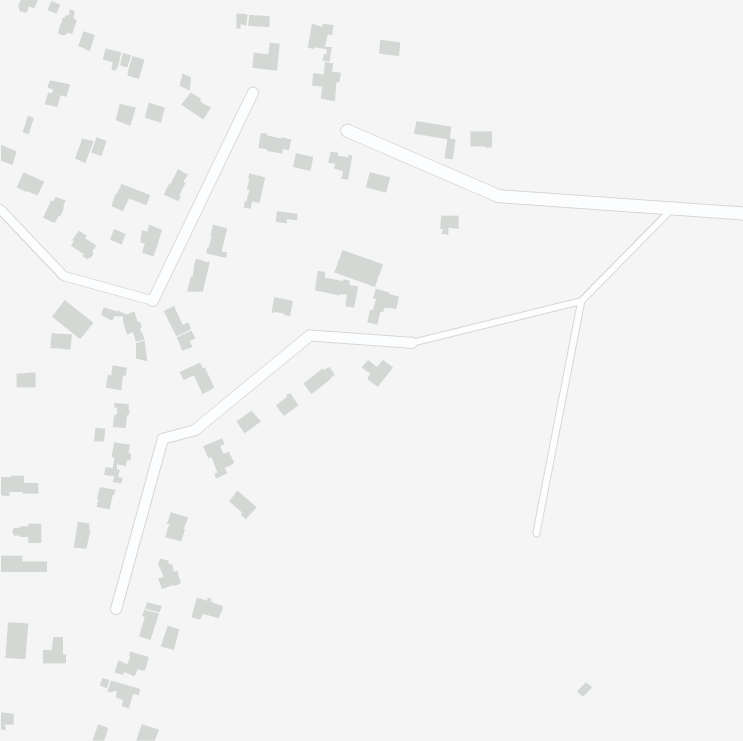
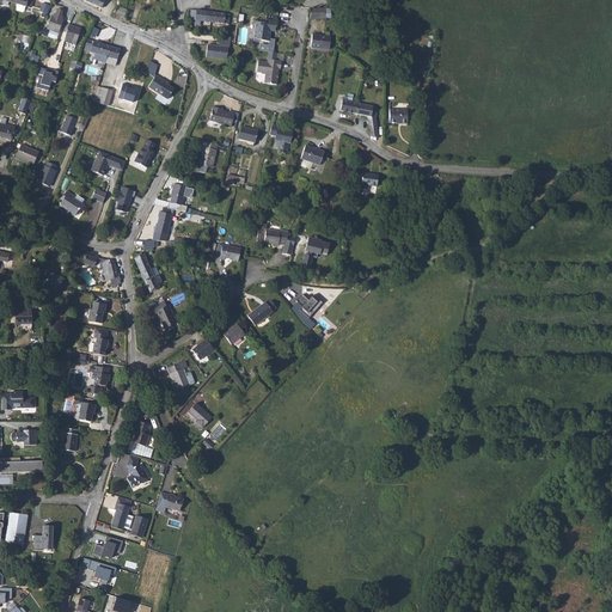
building: [333,249,384,288] -> none
building: [51,299,95,340] -> none

